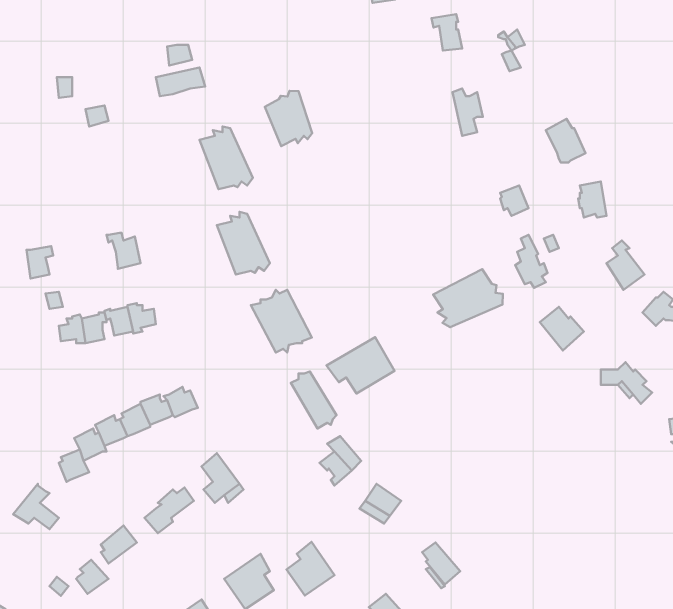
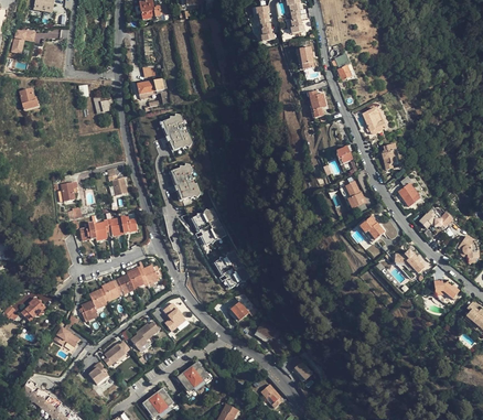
building: [265,91,312,146] -> none
building: [433,269,503,327] -> none
building: [326,337,395,393] -> none
building: [286,542,335,596] -> none

